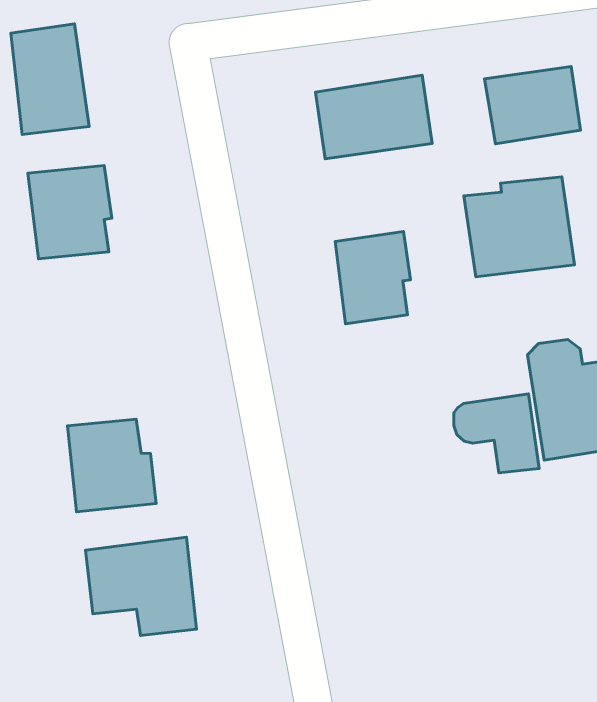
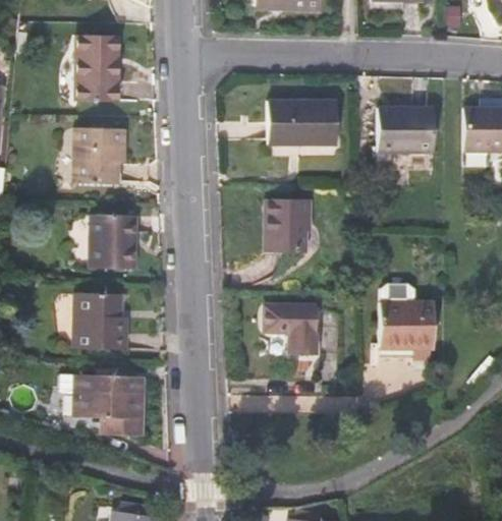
building: [464,177,574,277] -> none
building: none -> [90,214,136,269]
building: [454,394,539,473] -> [265,305,316,354]

